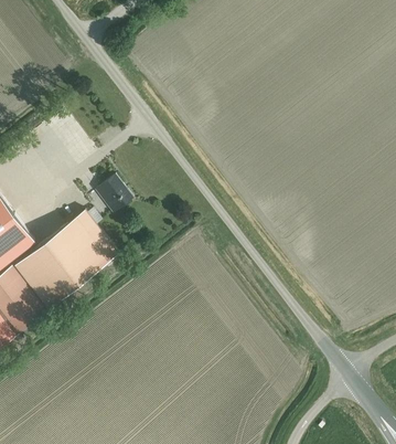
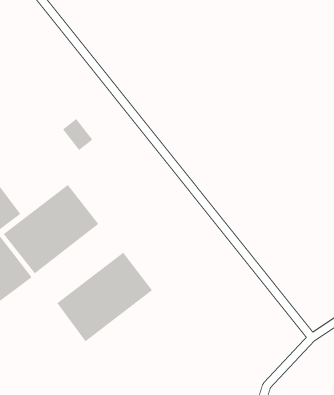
building: [97,176,130,211] -> [62,118,93,151]
building: none -> [56,252,153,342]

